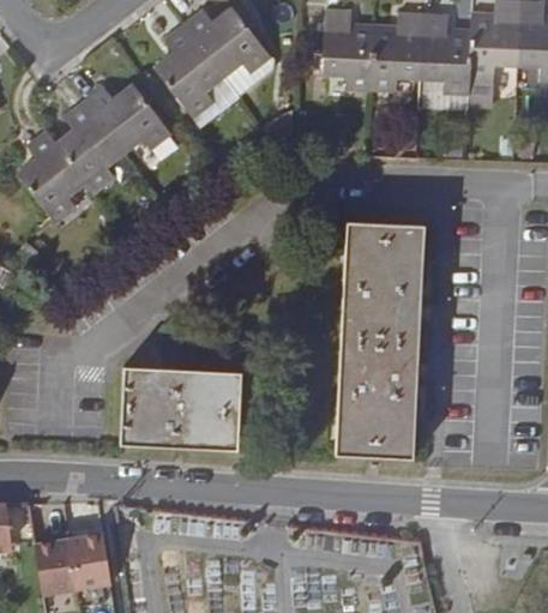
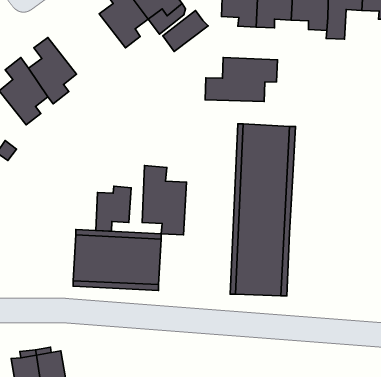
building: none -> [163,11,208,51]
building: [84,85,169,152] -> none
building: none -> [205,57,278,102]
building: none -> [142,165,187,235]
building: none -> [96,186,131,231]

